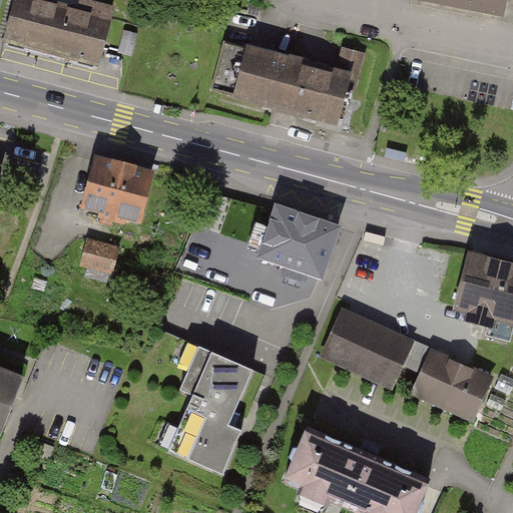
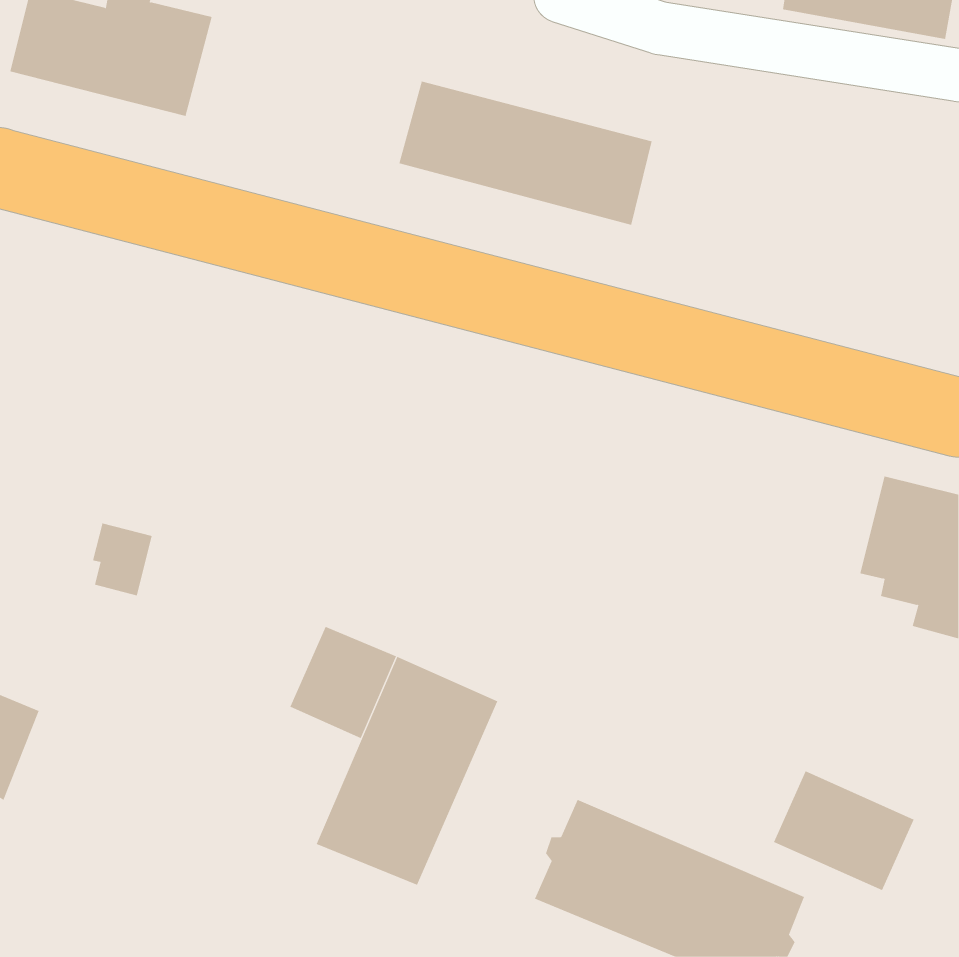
building: [86,159,149,220] -> none
building: [260,205,338,281] -> none
building: [84,241,116,281] -> [92,523,152,596]
building: [326,313,409,383] -> none
building: [415,352,490,416] -> [773,771,914,891]

